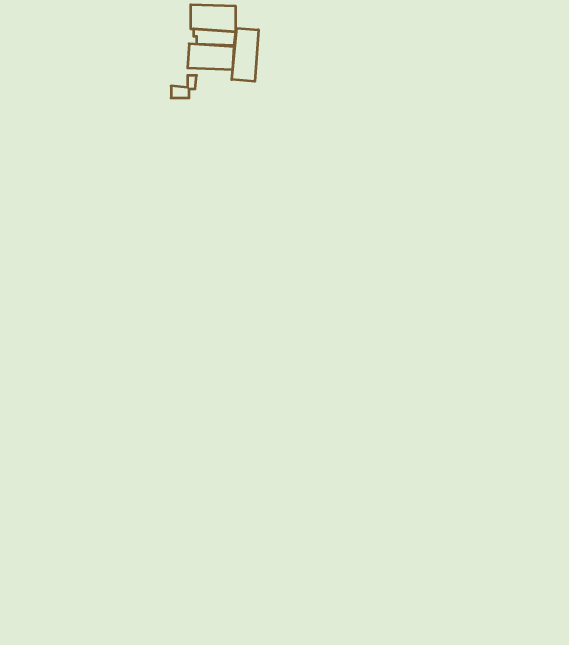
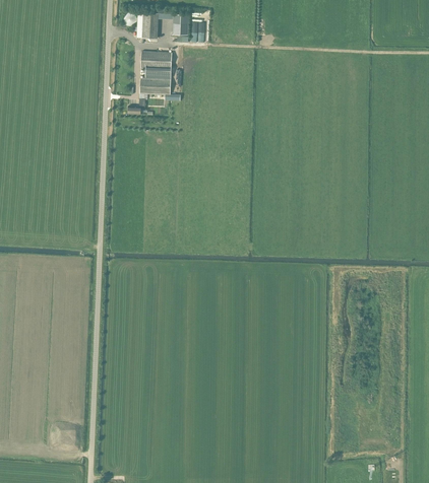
building: [232,28,258,81] -> none

